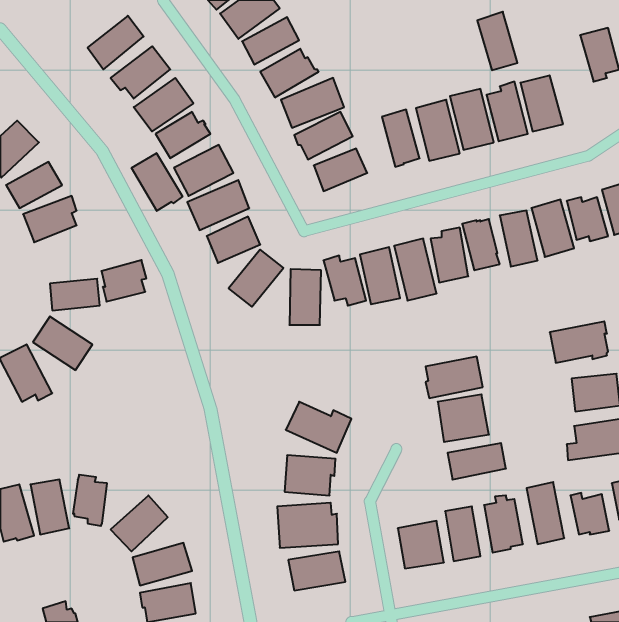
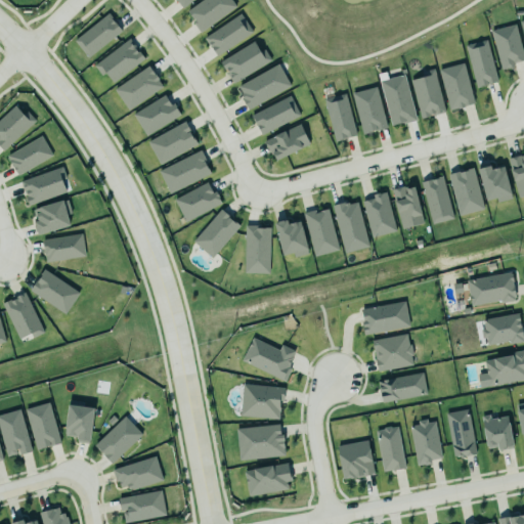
building: [477,12,517,70] -> [466,39,499,88]
building: [132,153,182,211] -> none
building: [101,260,146,302] -> [35,200,73,234]

